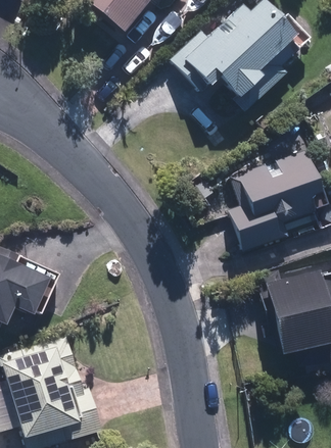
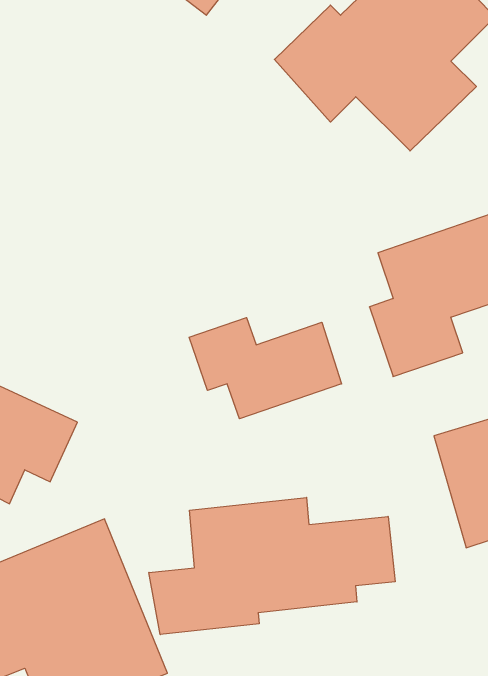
building: none -> [189,318,342,419]
building: none -> [149,497,395,635]

